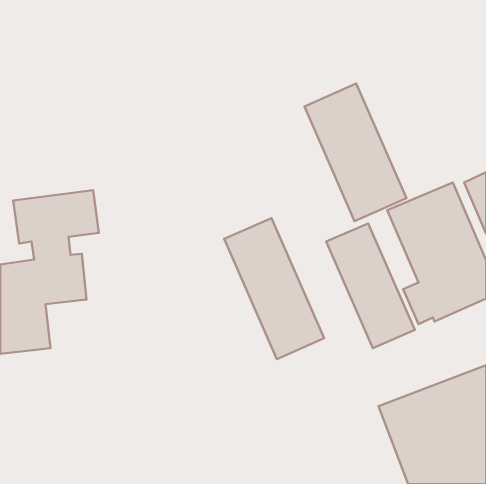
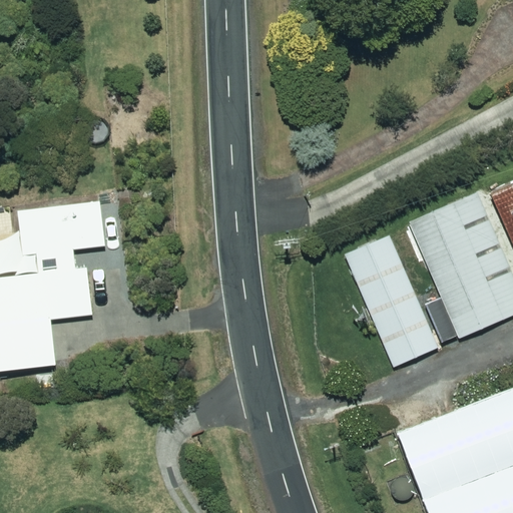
building: [304,84,406,221] -> none
building: [224,218,324,359] -> none

